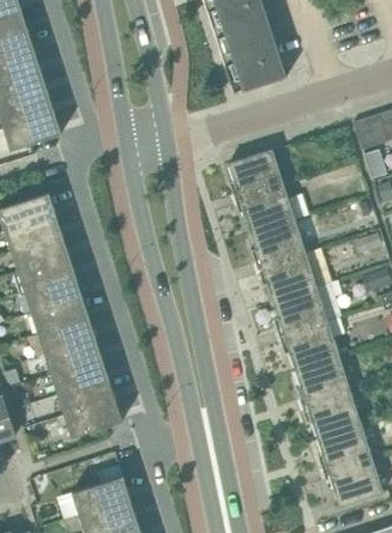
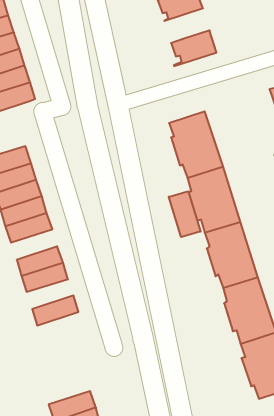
building: [221,22,277,65] -> none
building: none -> [169,191,201,237]
building: [30,296,88,334] -> none
building: [49,358,108,395] -> none
building: [62,399,121,438] -> none
building: [71,476,128,514] -> none

